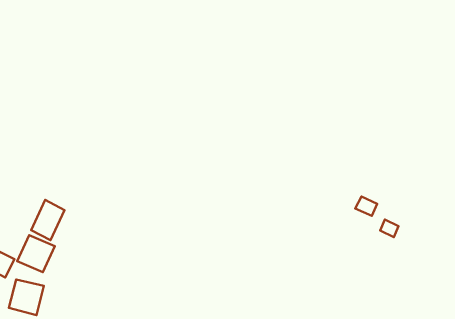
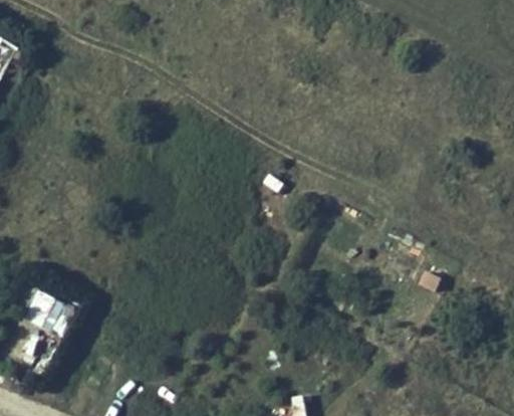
building: [31,200,65,240] -> none

